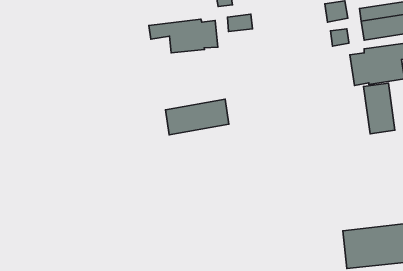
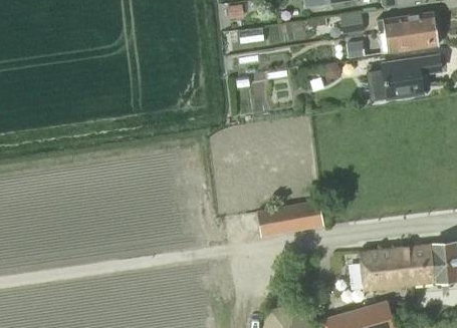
building: [149,19,218,53] -> none
building: [364,83,395,134] -> none
building: [165,99,229,135] -> [257,200,323,237]

